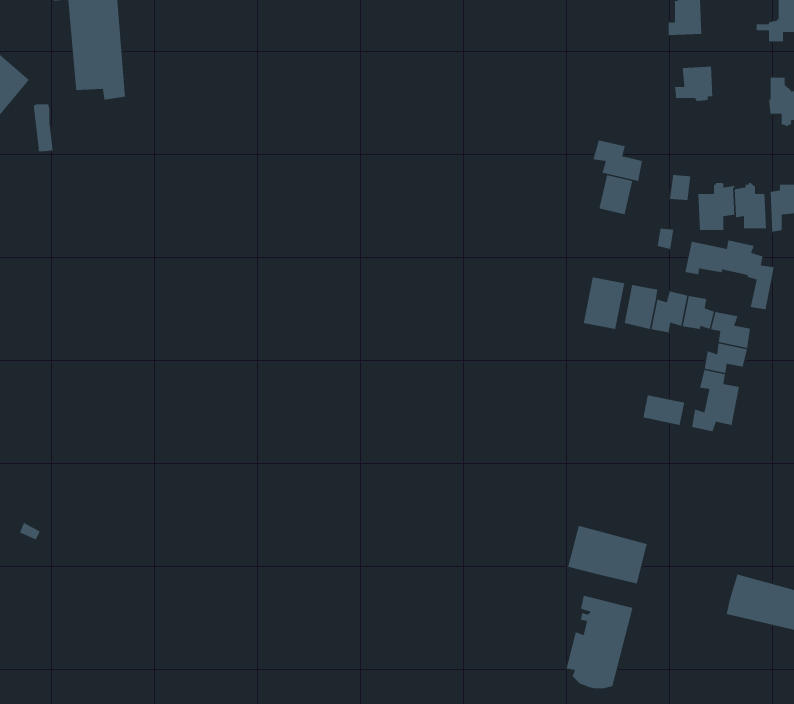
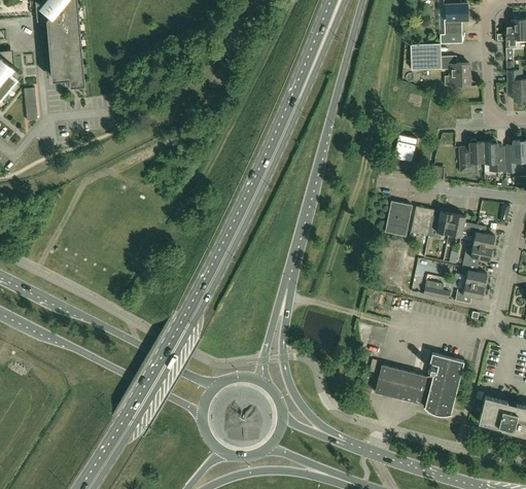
building: none -> [410,44,441,70]
building: [593,140,643,182] -> none
building: [684,240,775,310] -> none
building: [566,595,633,689] -> [420,354,464,416]

